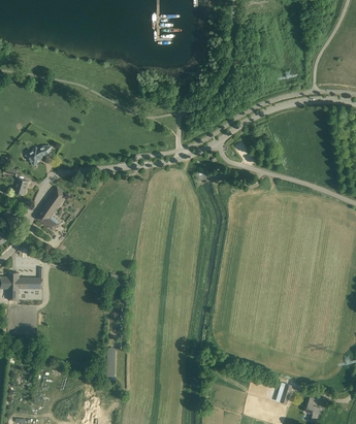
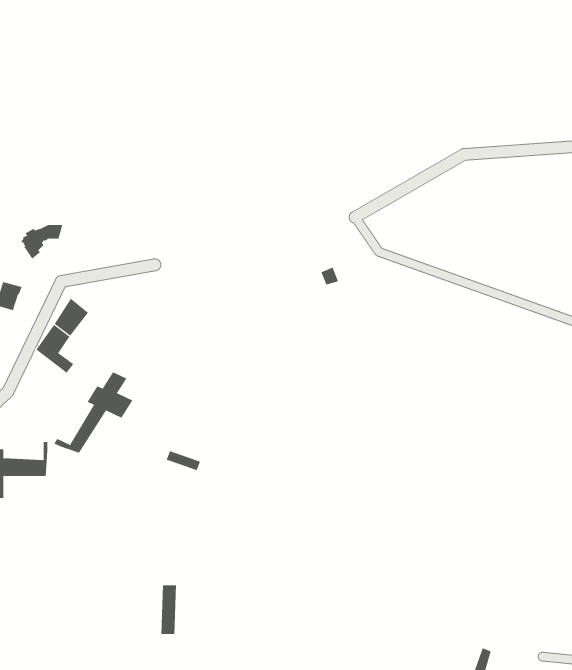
building: none -> [54,371,133,454]

